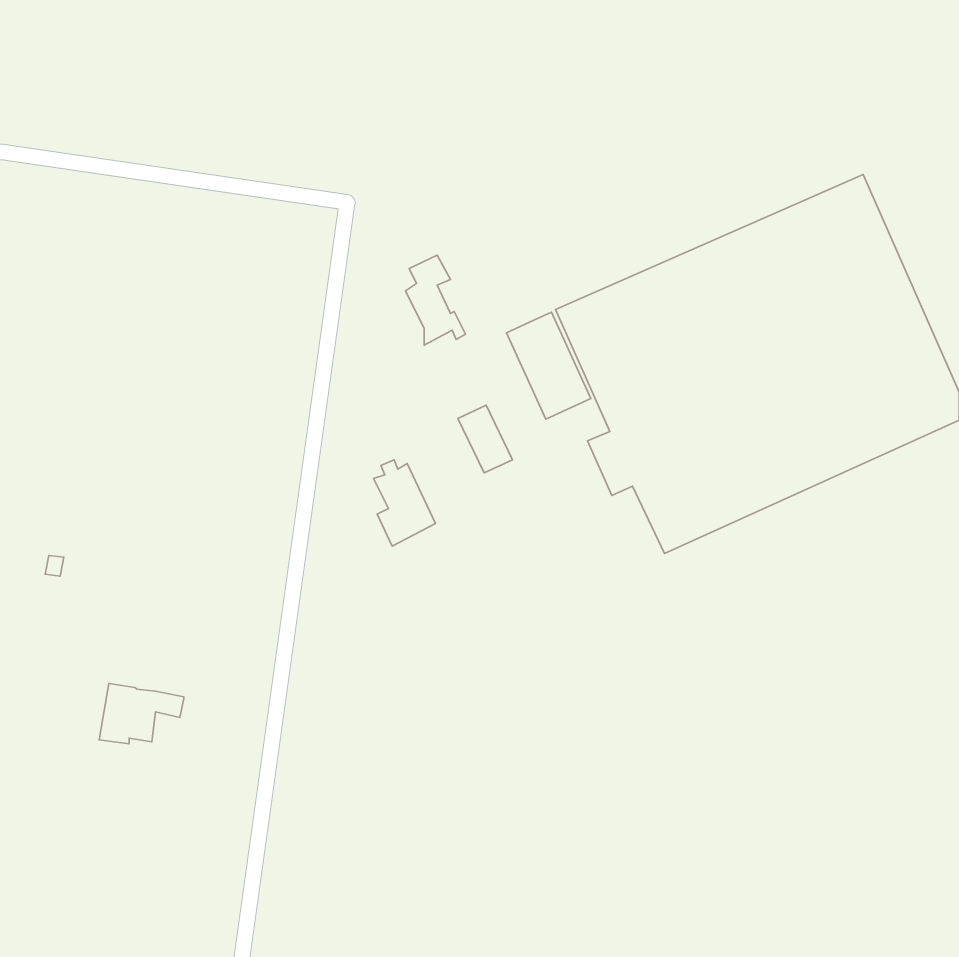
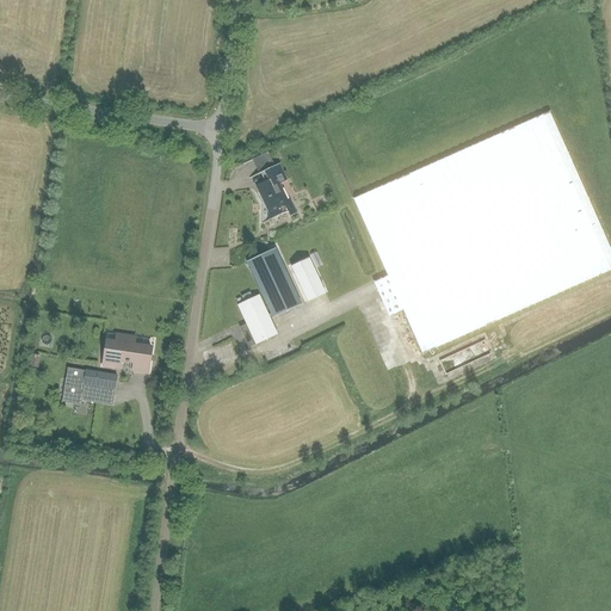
building: [506,312,591,419] -> [247,248,301,316]
building: none -> [104,335,152,370]
building: [99,684,184,744] -> [62,366,116,405]

